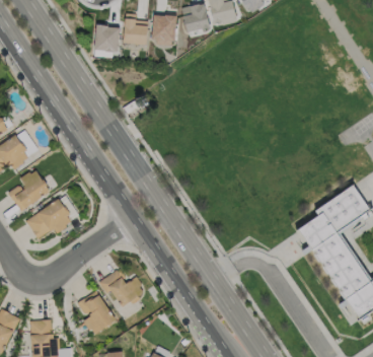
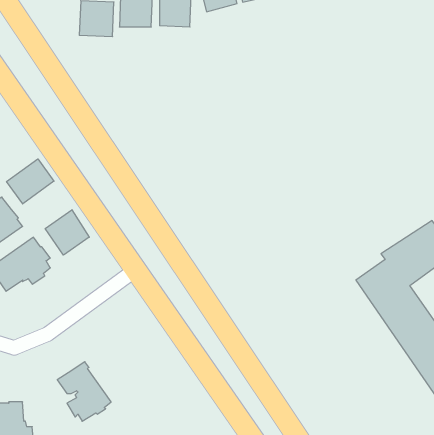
building: none -> [7,159,54,204]
building: none -> [45,210,89,255]
building: [98,269,143,307] -> none

